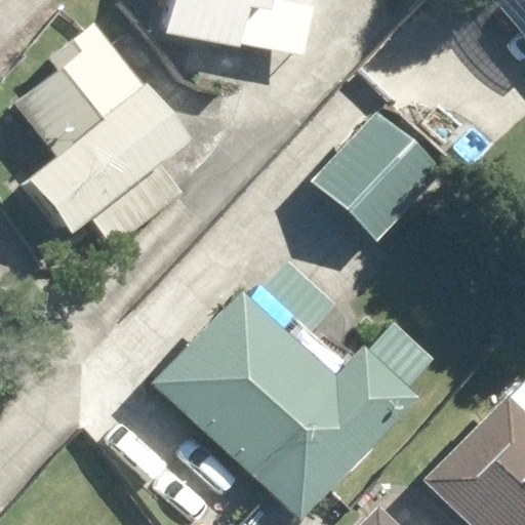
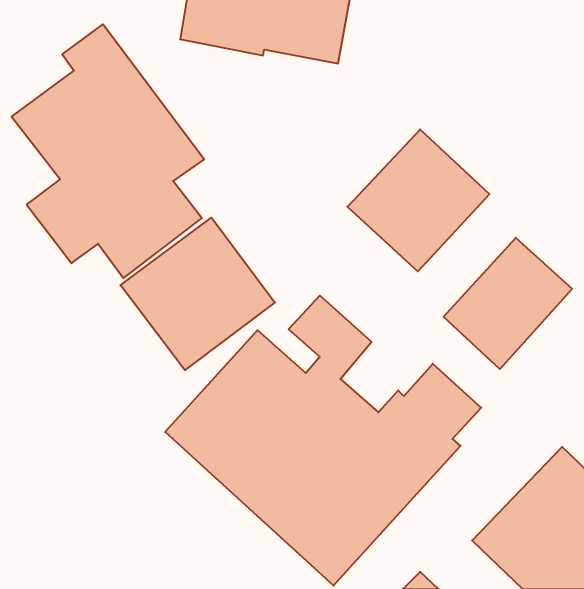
building: none -> [120,218,275,370]
building: none -> [444,238,572,369]

